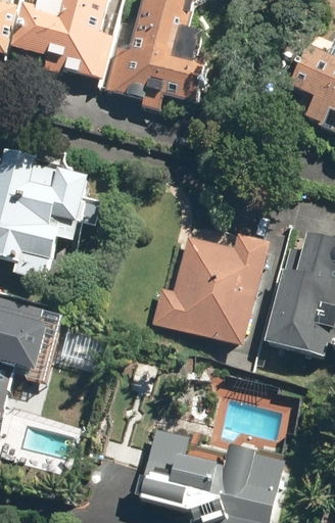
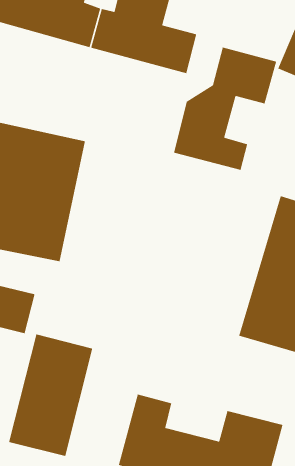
building: none -> [173,46,277,171]
building: [157,229,277,343] -> none
building: none -> [8,333,93,457]

